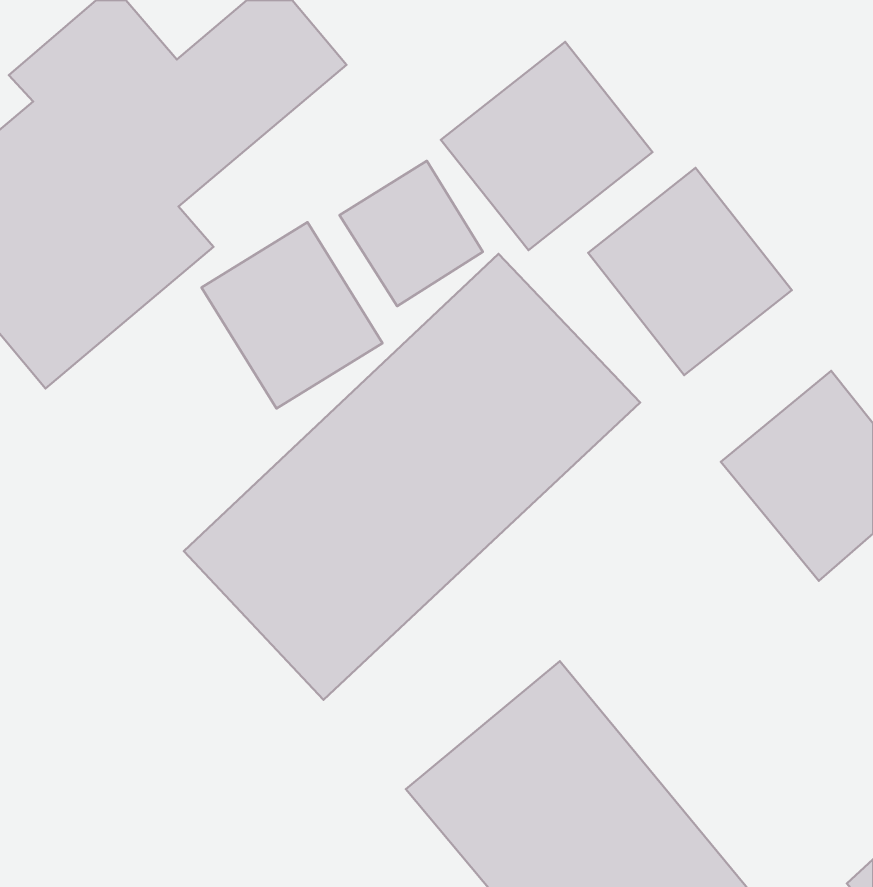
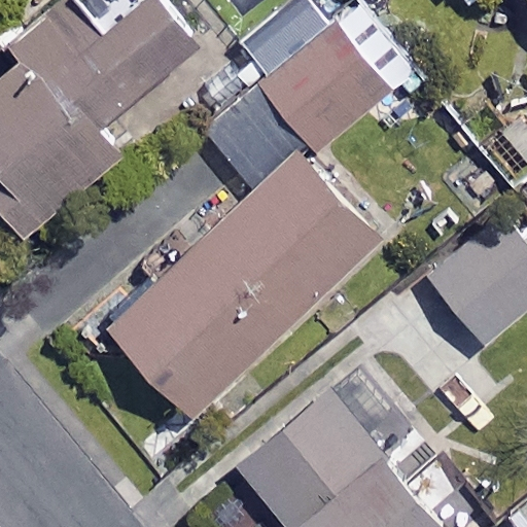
building: [588,168,792,375] -> none
building: [201,222,383,409] -> none

